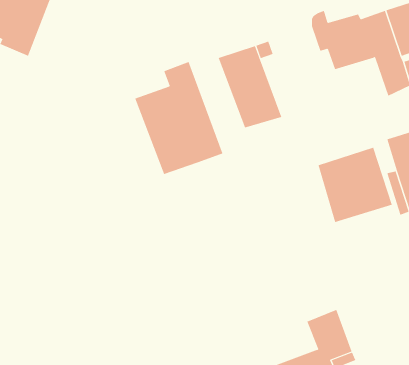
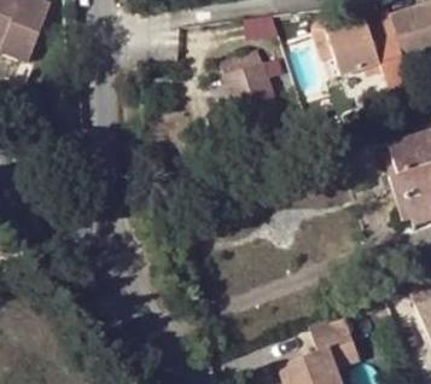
building: [135,61,223,175] -> none
building: [318,147,393,223] -> none

